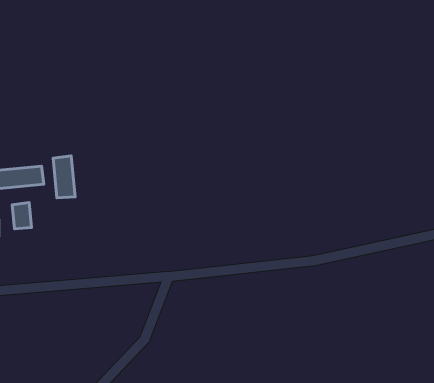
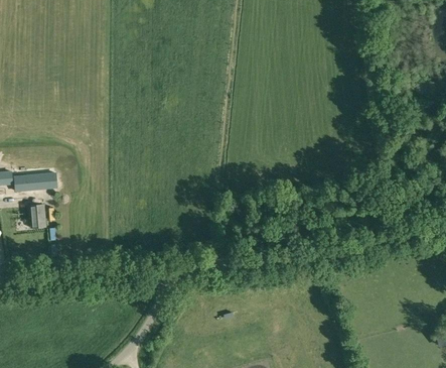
building: [53,156,75,198] -> none

